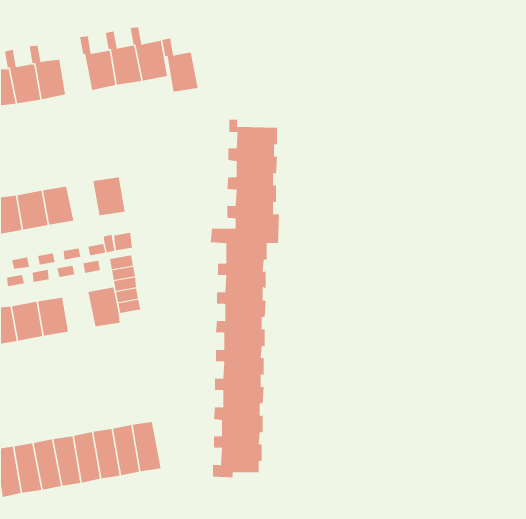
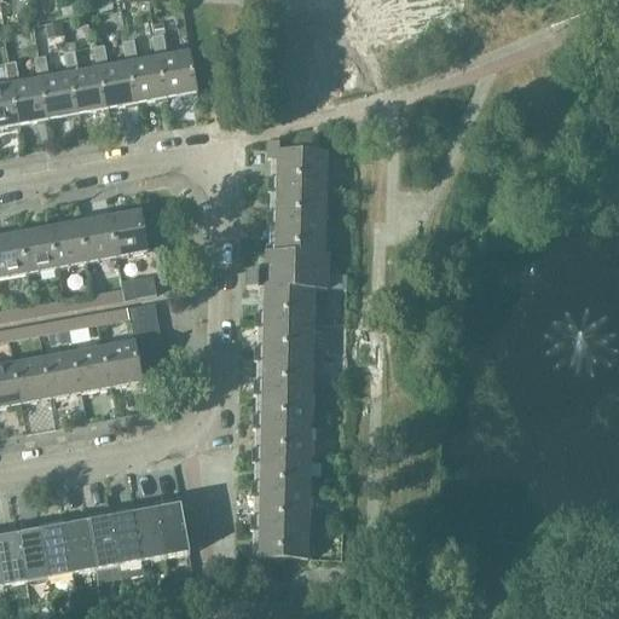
building: [162,38,199,92] -> [64,47,108,111]
building: none -> [79,213,116,260]
building: none -> [74,343,111,391]

